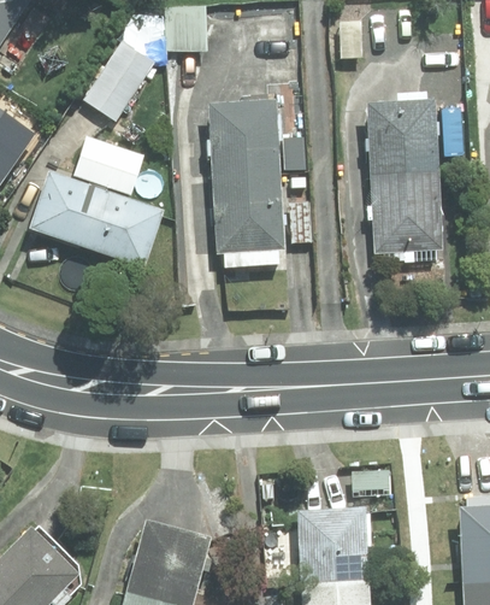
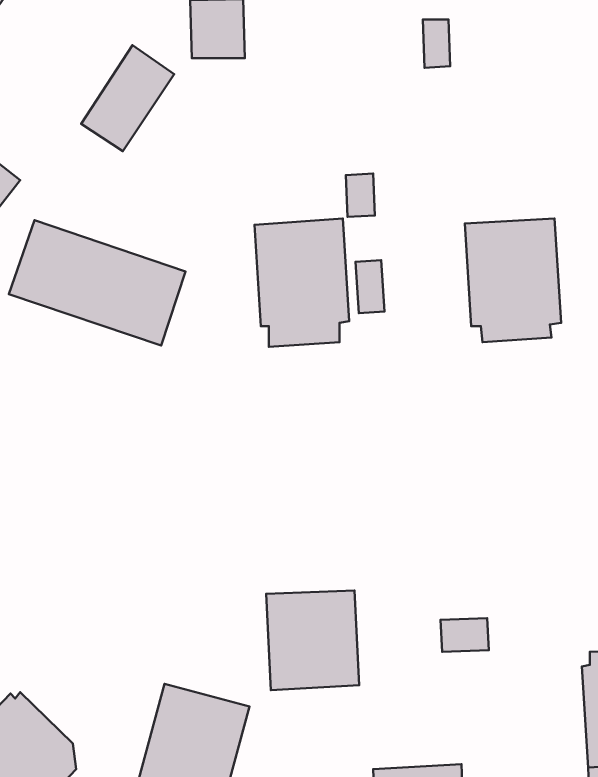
building: [208,100,279,176] -> none
building: [367,100,438,175] -> none
building: [72,136,142,194] -> none
building: [299,510,368,585] -> [266,591,359,690]

